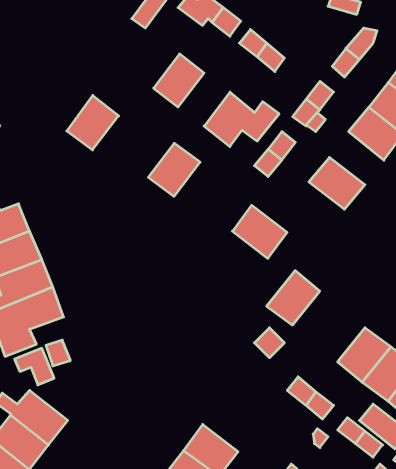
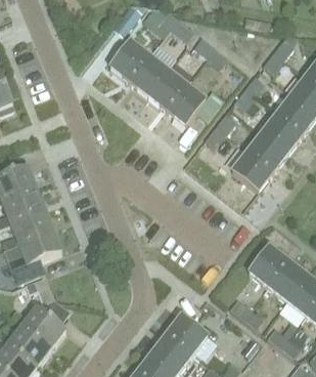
building: [67,95,119,150] -> [109,38,148,79]
building: none -> [261,112,302,152]
building: [148,143,200,196] -> [147,68,186,108]
building: [232,205,287,258] -> [231,150,272,190]
building: [267,271,320,325] -> [247,244,287,285]
building: none -> [166,312,207,352]

